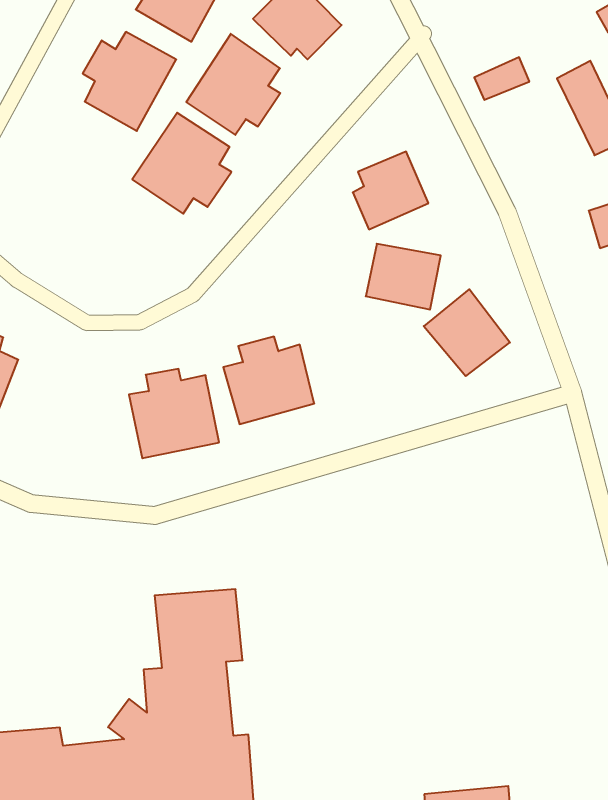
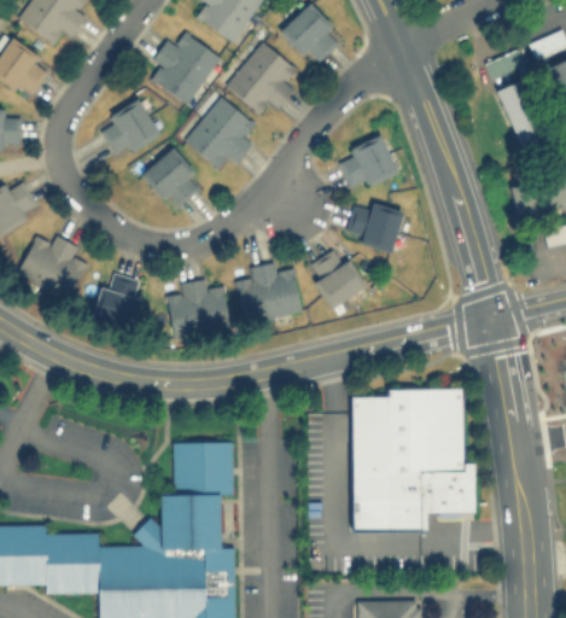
building: [474,57,529,100] -> [486,49,526,78]
building: none -> [97,97,163,157]
building: none -> [141,147,205,211]
building: [424,289,510,376] -> [304,245,366,308]
building: none -> [94,274,142,327]
building: none -> [355,390,477,534]

